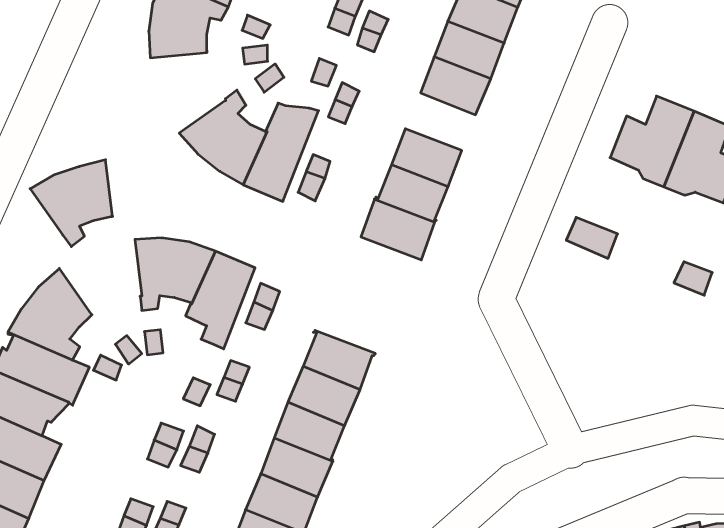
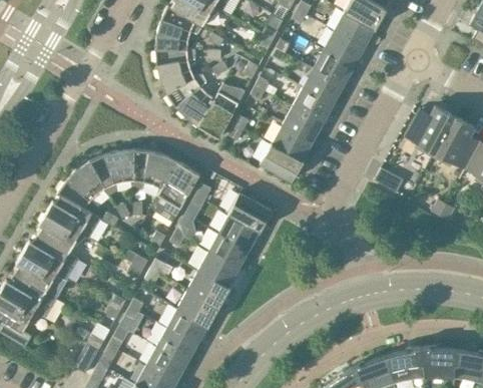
building: none -> [155,49,195,93]
building: none -> [293,87,333,122]
building: [30,160,113,247] -> [90,149,134,196]
building: none -> [228,192,272,230]

